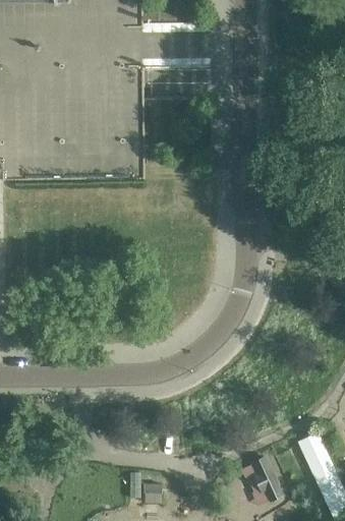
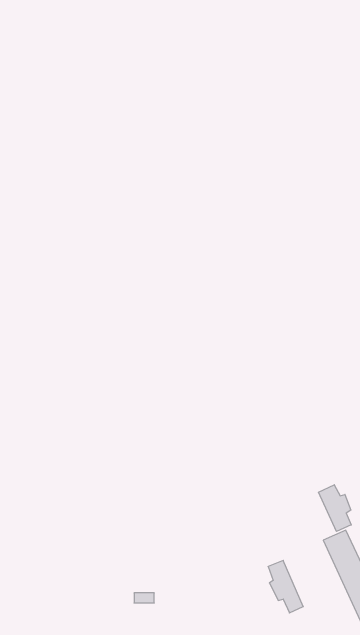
building: none -> [319,485,351,531]

